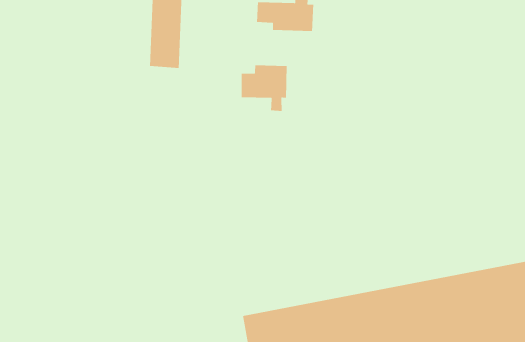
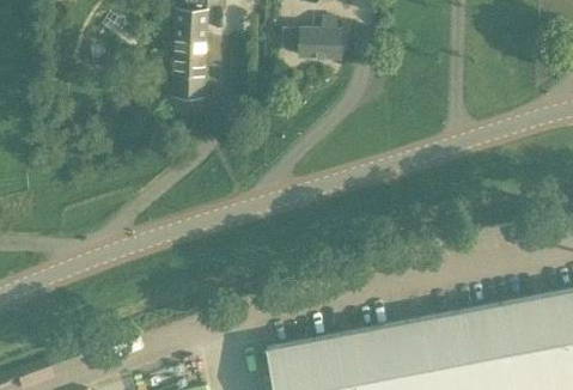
building: [241,65,287,112] -> none

